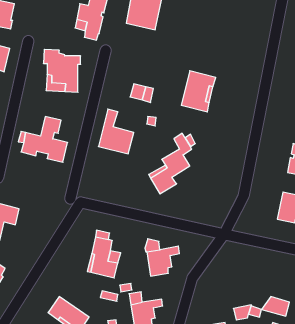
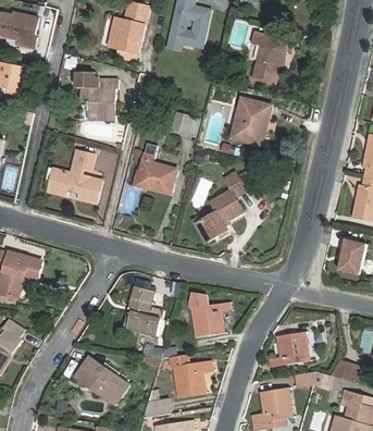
building: none -> [251,30,293,83]
building: none -> [273,331,306,367]

